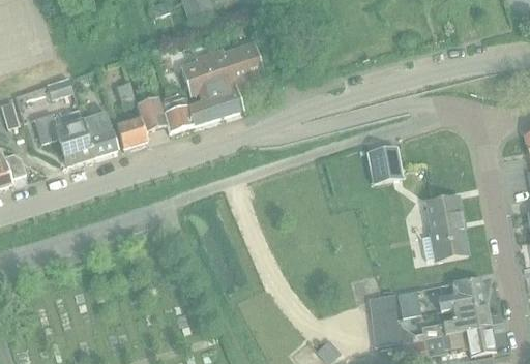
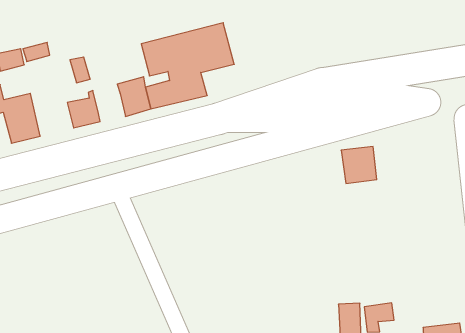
building: [135,97,168,133] -> none
building: [80,111,115,156] -> none
building: [421,195,467,261] -> none
building: [438,277,484,310] -> none

